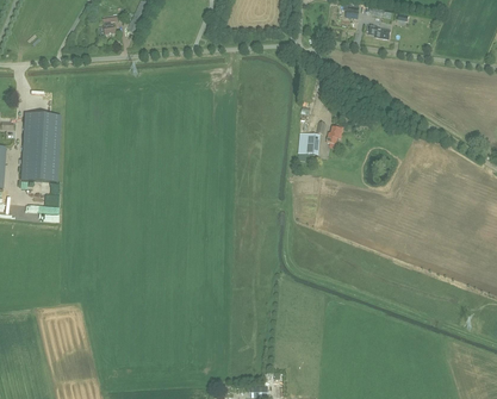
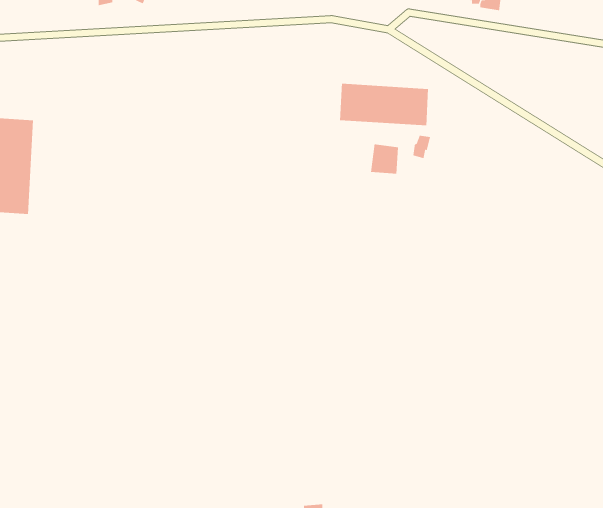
building: none -> [340,83,429,126]

